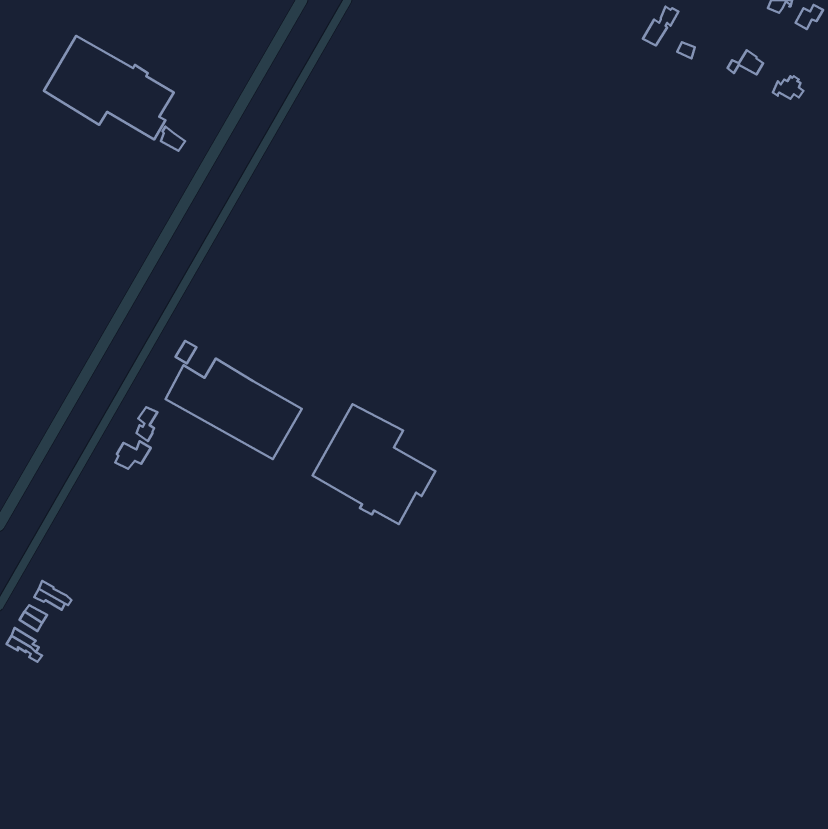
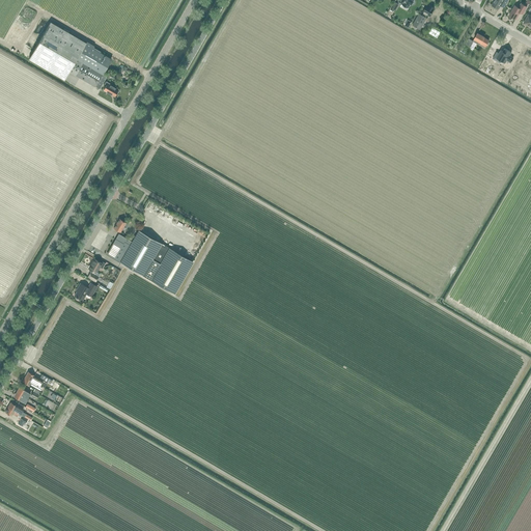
building: [313,404,436,524] -> none

